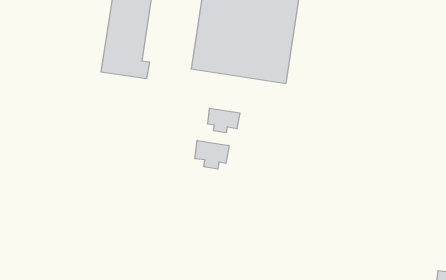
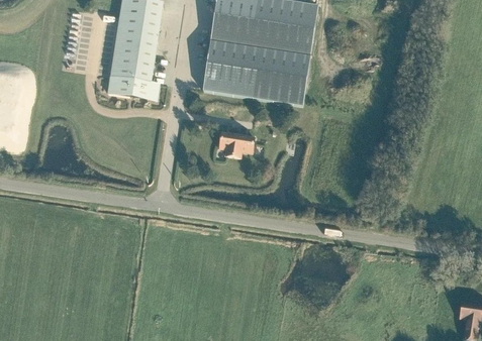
building: [195,140,229,169] -> none

